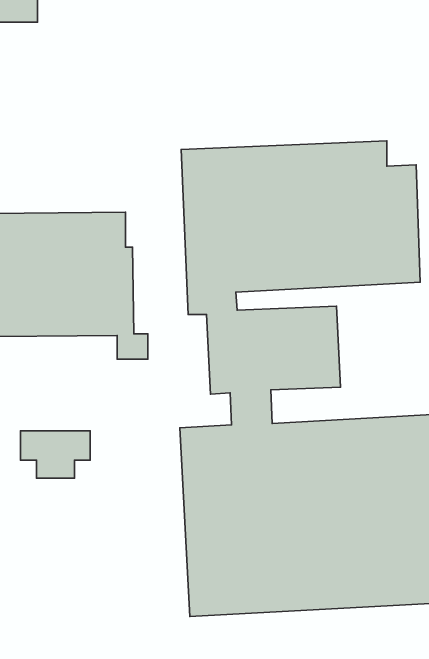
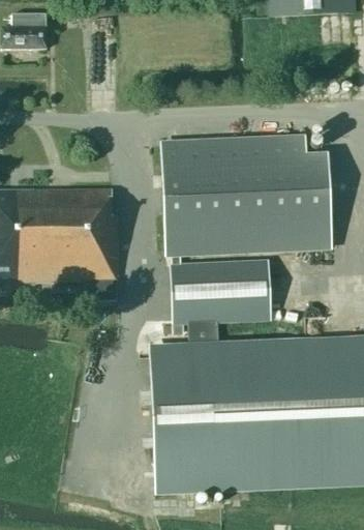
building: [21,431,90,478] -> none

